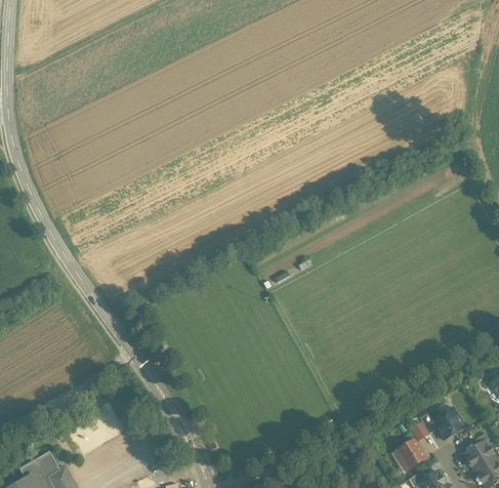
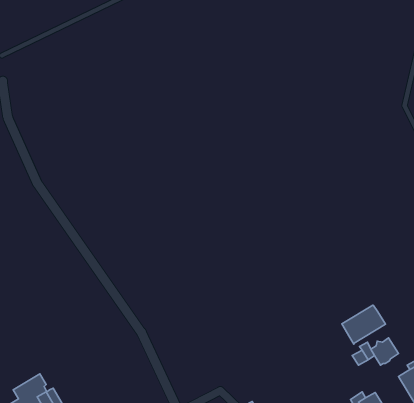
building: none -> [342,305,385,344]
building: [398,443,425,471] -> none

